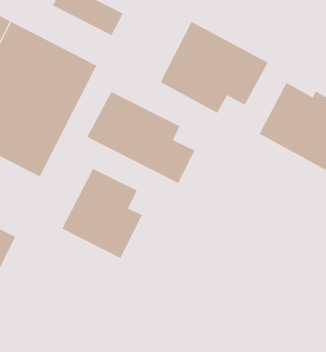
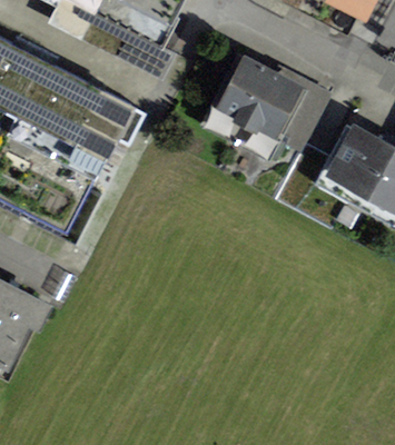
building: [87,91,195,184] -> none
building: [62,168,142,259] -> none

